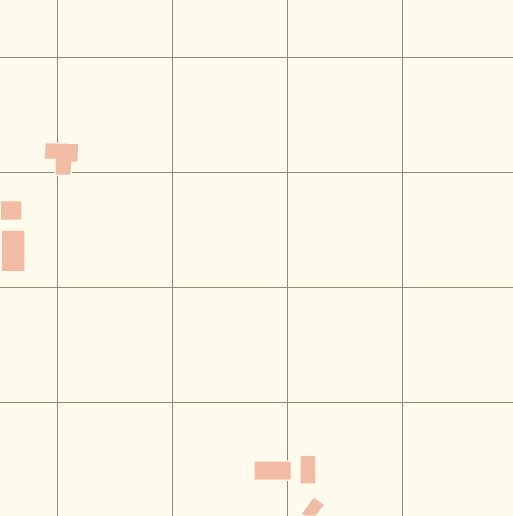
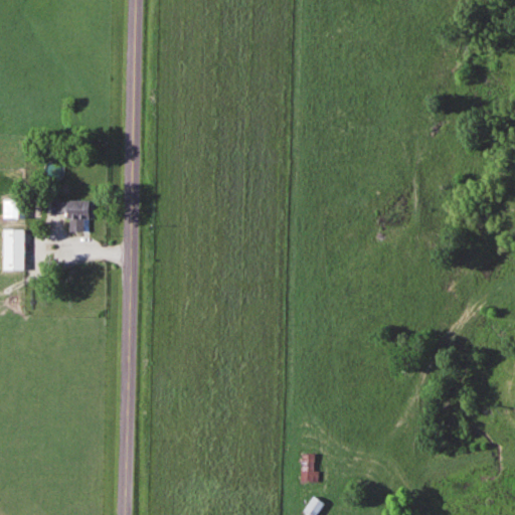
building: [44,143,79,175] -> [58,200,94,232]
building: [254,461,291,480] -> none

